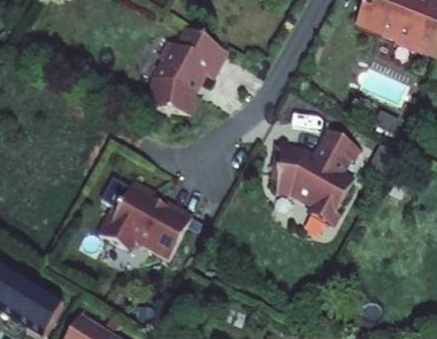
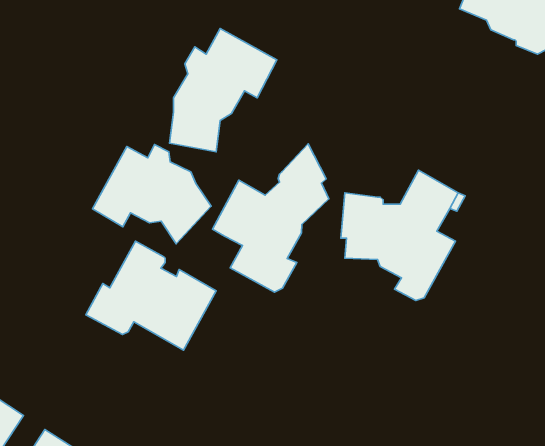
building: none -> [212,144,329,292]
building: none -> [93,145,211,244]

